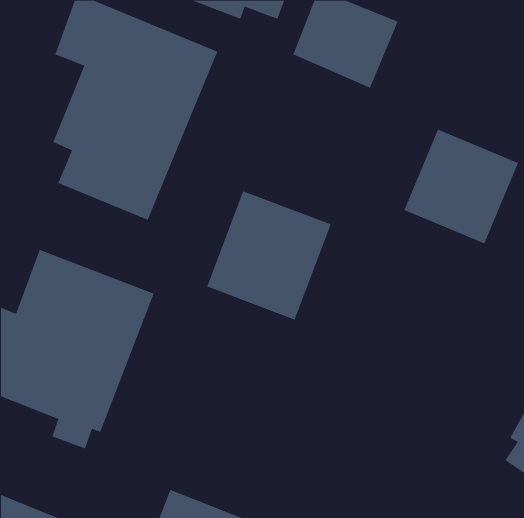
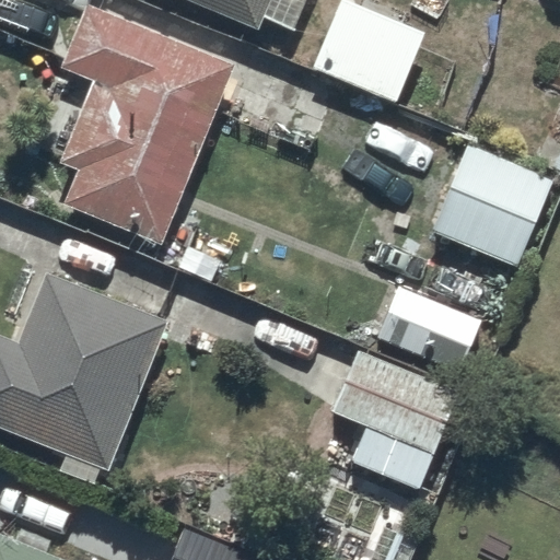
building: [206,190,331,320] -> none
building: none -> [338,290,481,487]

